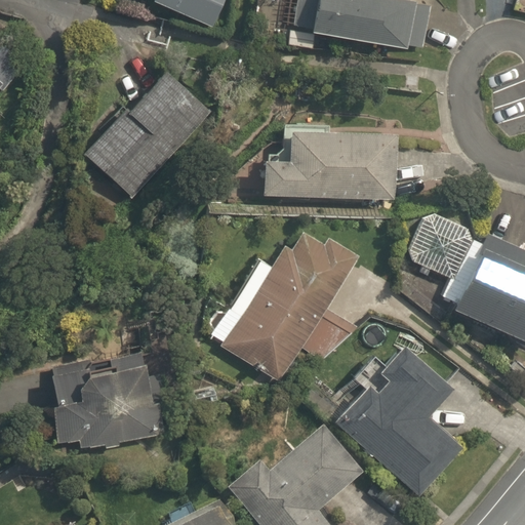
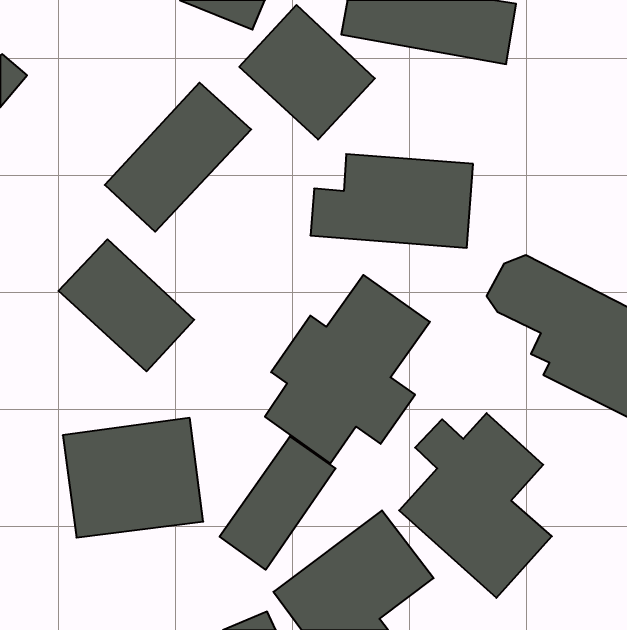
building: none -> [239,5,375,140]
building: none -> [58,239,194,371]
building: none -> [220,436,336,570]

